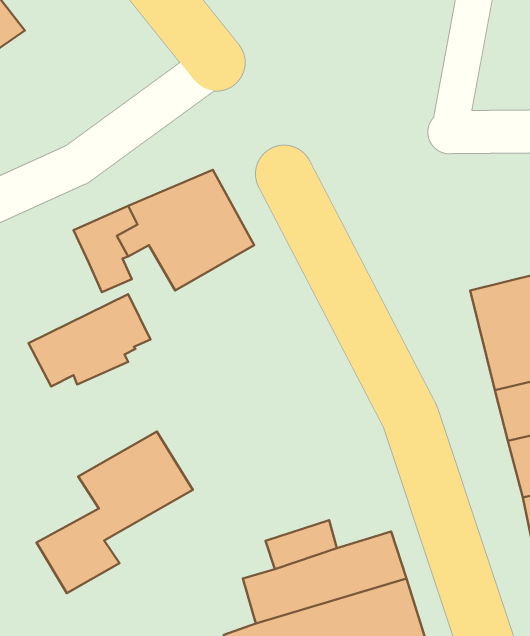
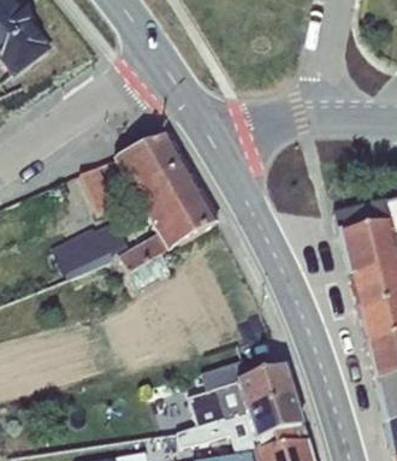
building: [37,431,193,593] -> [119,184,219,288]

